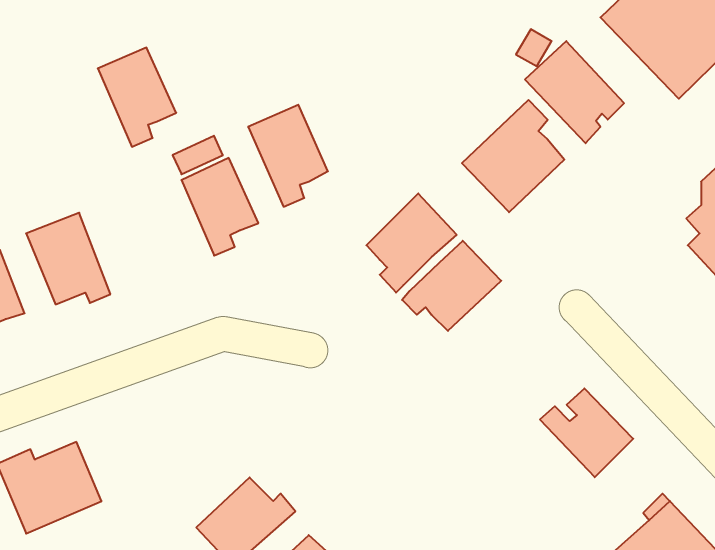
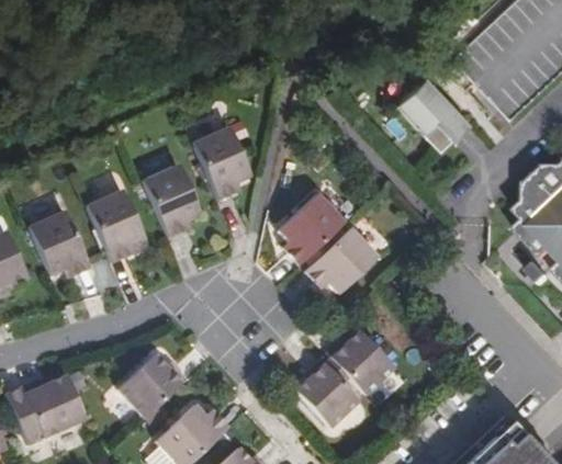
building: [98,48,176,147] -> [87,189,145,262]
building: [462,100,564,212] -> none
building: [540,388,633,477] -> [325,330,394,396]
building: none -> [116,351,187,418]
building: none -> [291,361,358,429]

